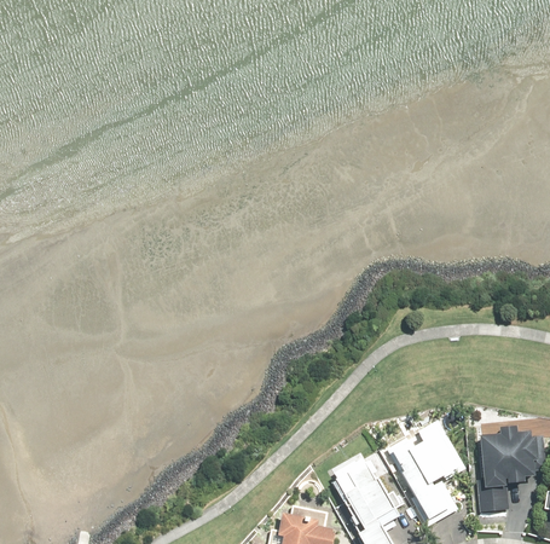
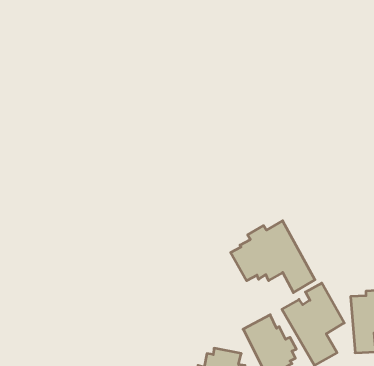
building: none -> [231,221,315,293]

